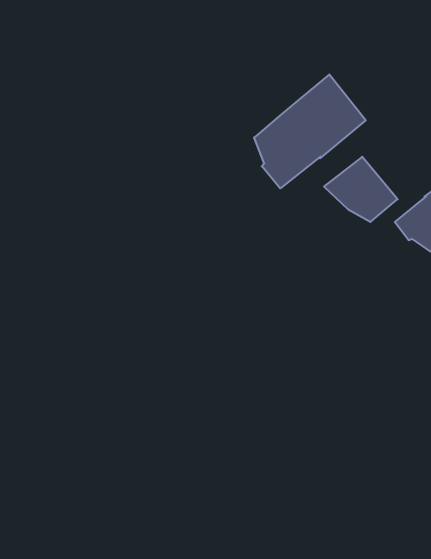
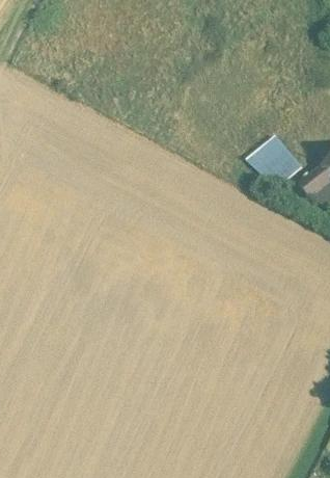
building: [254,74,366,188] -> none

